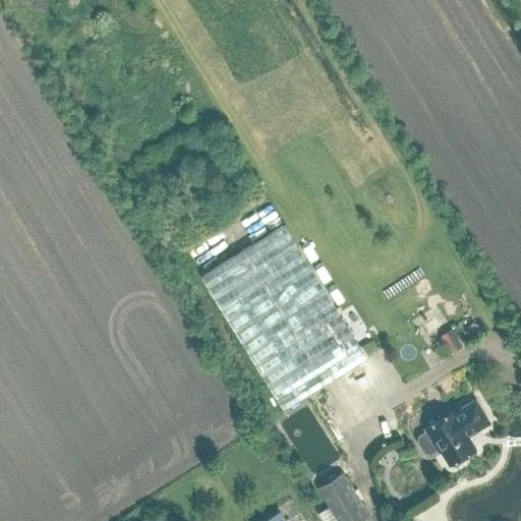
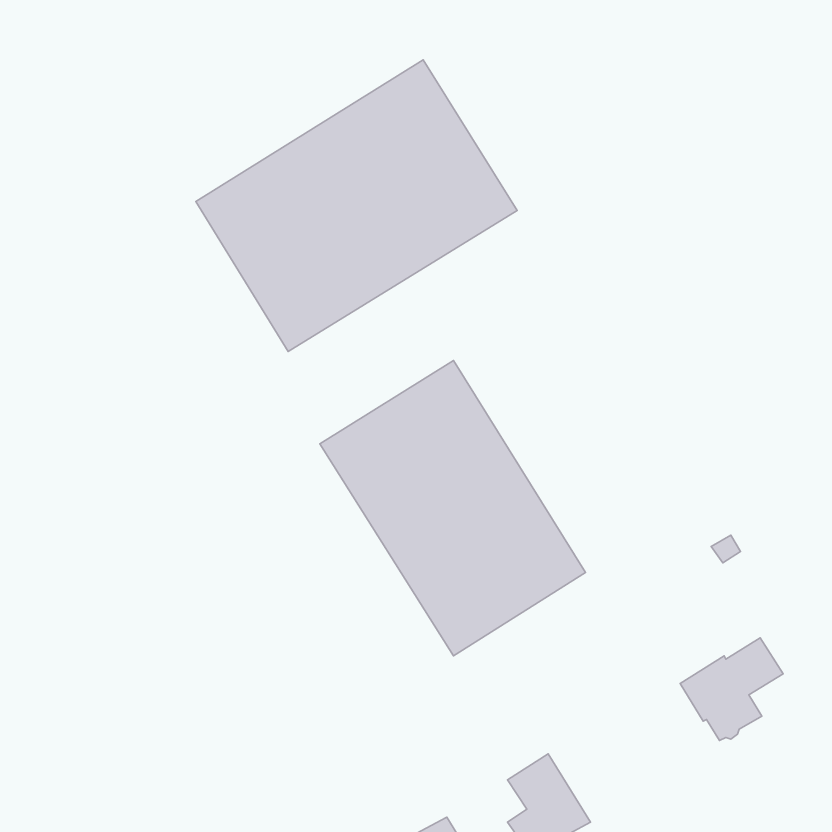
building: none -> [196,60,517,351]

